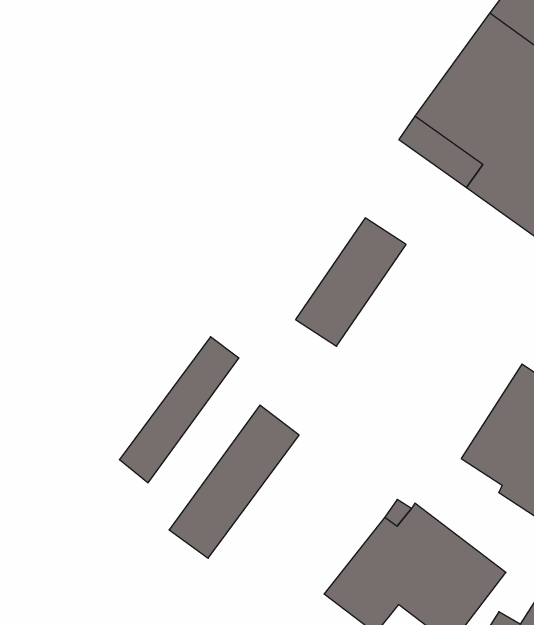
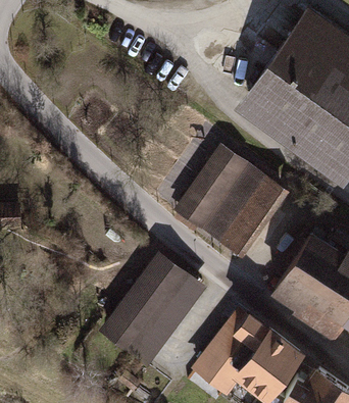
building: none -> [205,166,281,249]
building: [119,337,239,483] -> [132,275,200,359]

